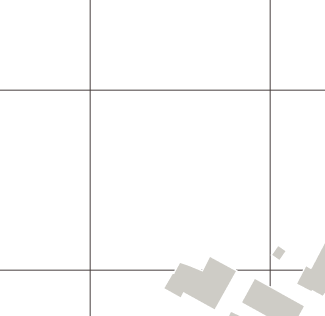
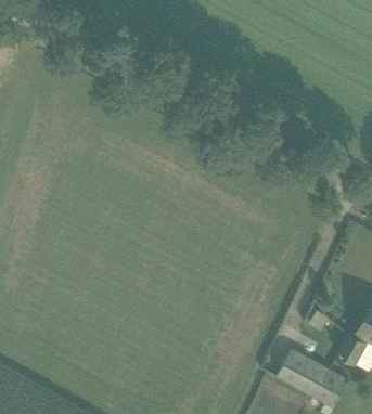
building: [164,256,237,310] -> none

